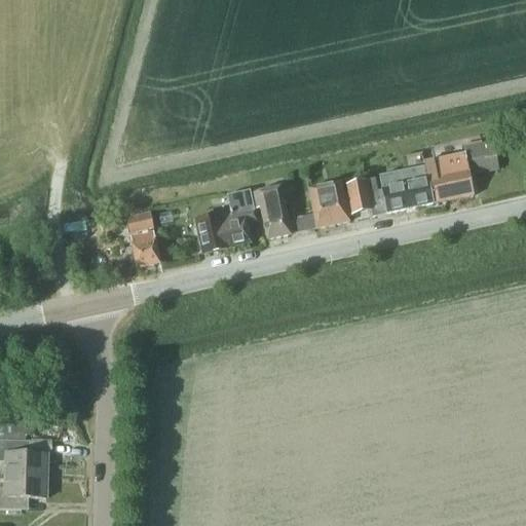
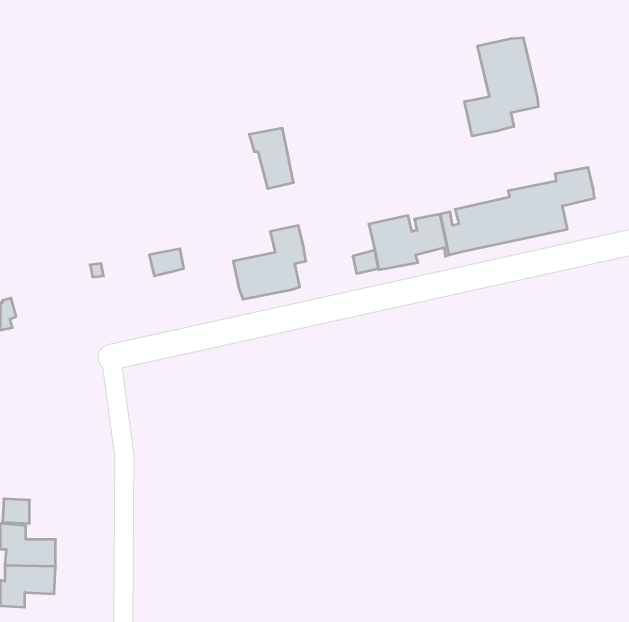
building: none -> [465,38,538,136]
building: [253,186,290,236] -> [249,128,294,189]
building: [130,229,159,265] -> none

